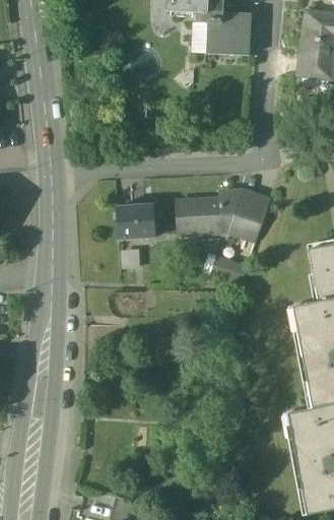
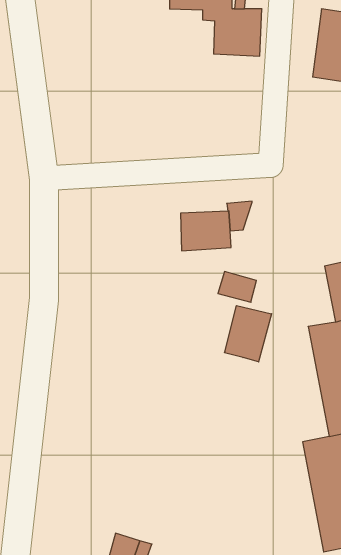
building: [231,190,271,232] -> none
building: [117,203,156,239] -> none
building: none -> [225,306,272,362]

